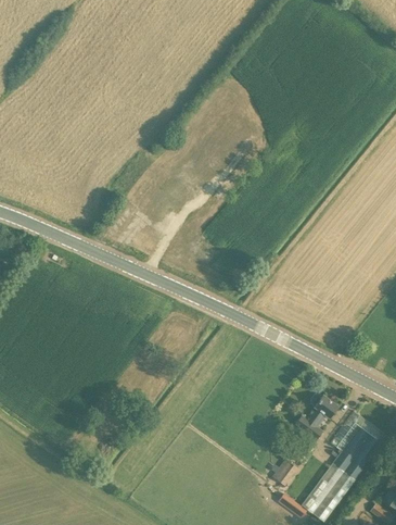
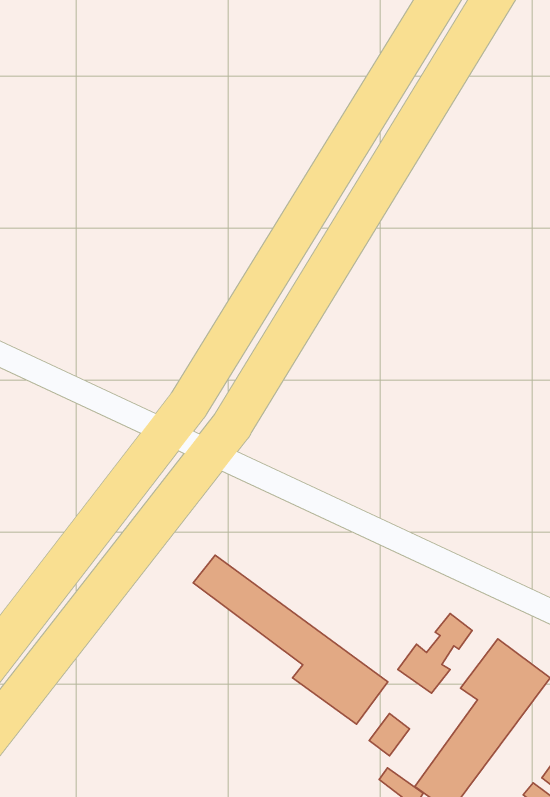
building: none -> [193,555,388,724]

